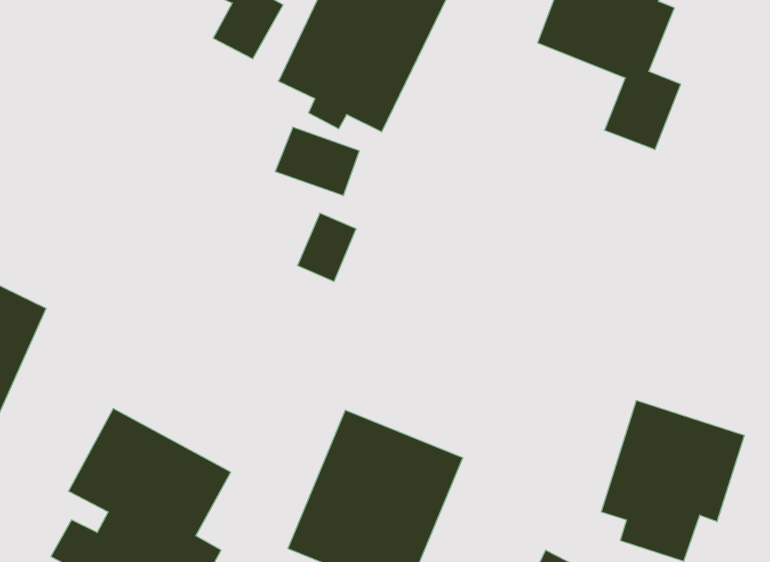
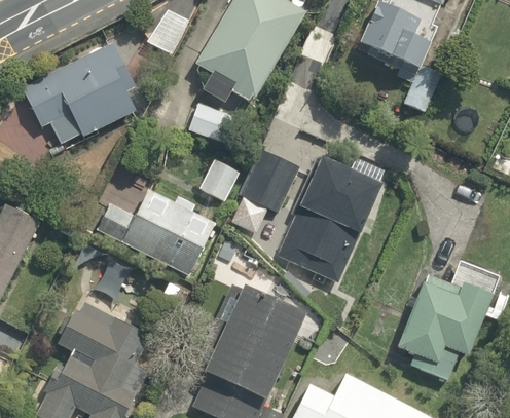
building: none -> [20,44,144,145]
building: none -> [243,154,297,218]
building: none -> [271,155,383,287]
building: none -> [96,189,213,277]

